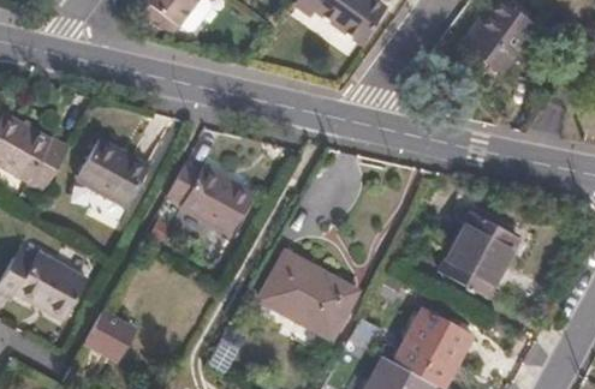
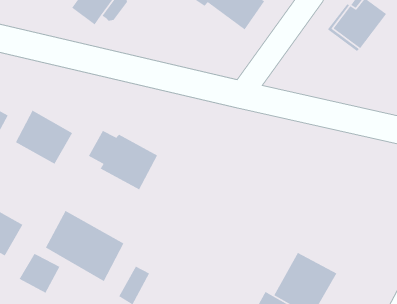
building: [439,211,517,295] -> none
building: [257,251,356,340] -> [45,210,125,282]

